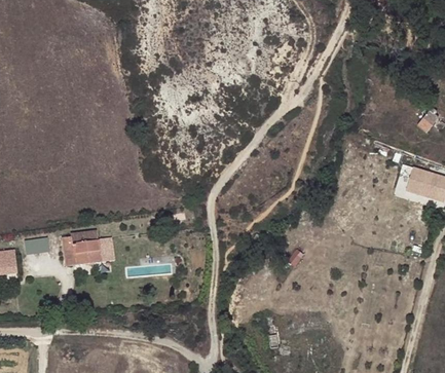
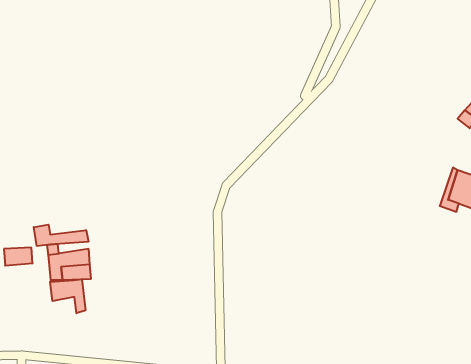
building: none -> [34,225,88,246]
building: none -> [50,279,85,313]

